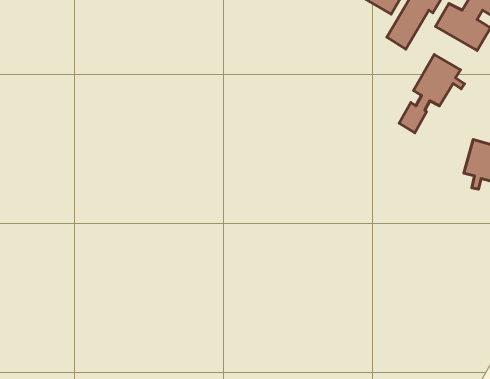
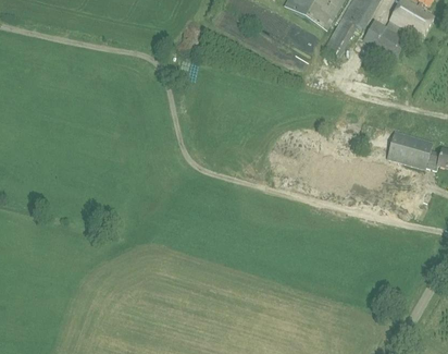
building: [399,54,465,133] -> none

